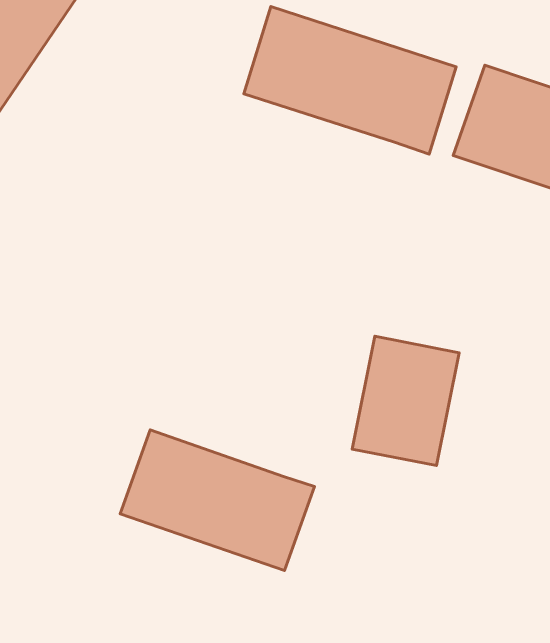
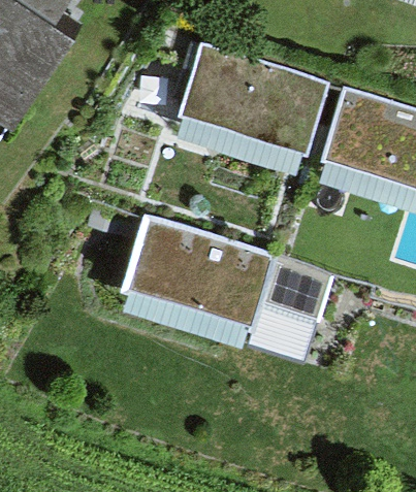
building: none -> [129,216,273,318]
building: [120,430,315,571] -> none

